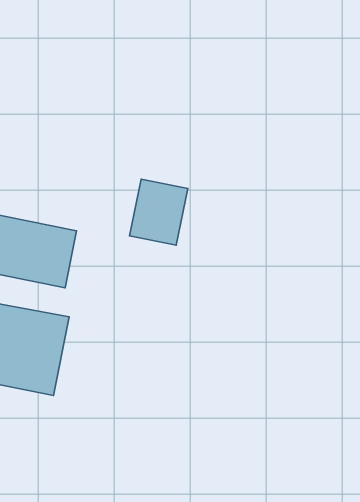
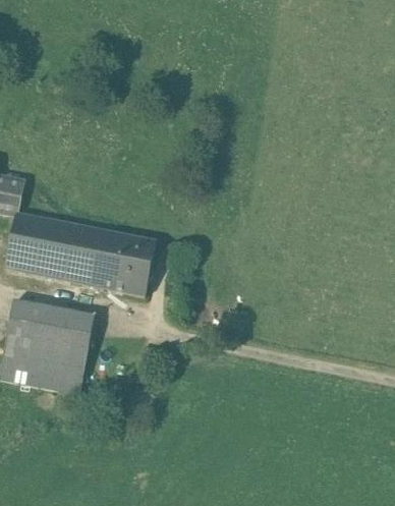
building: [130,179,188,245] -> [95,231,152,296]

